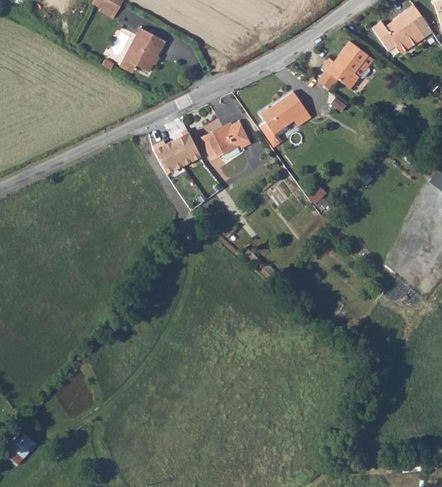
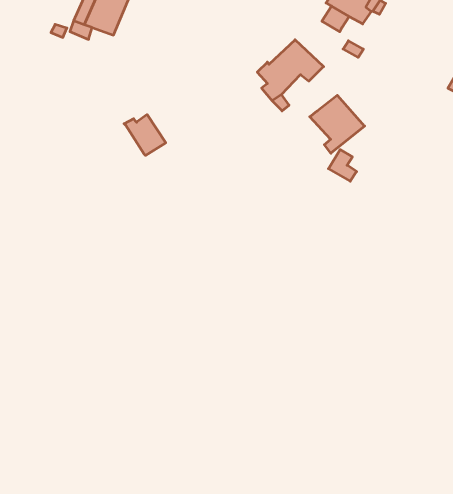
building: [200,121,251,159] -> none
building: [170,127,199,162] -> none
building: none -> [310,95,365,153]

